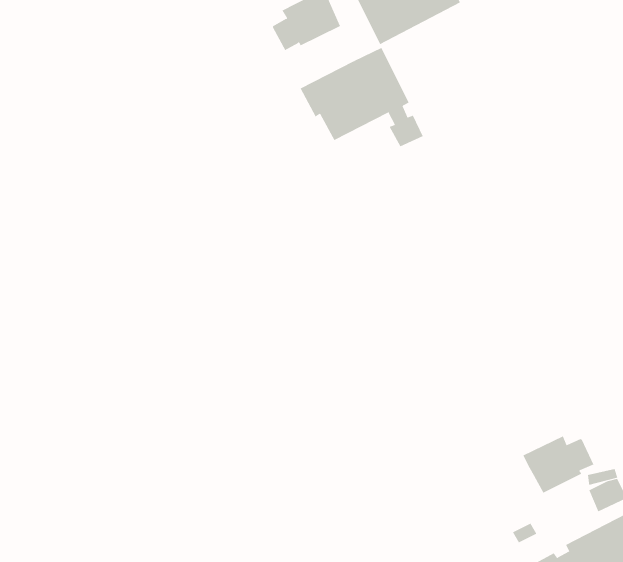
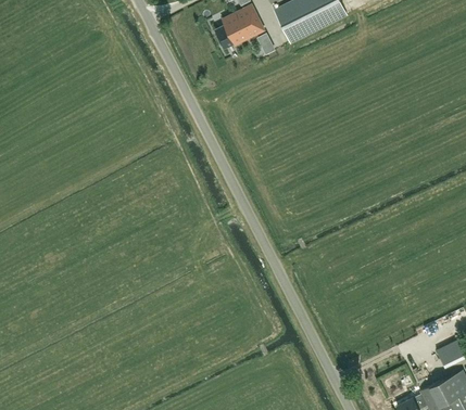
building: [300,47,424,147] -> none
building: [522,435,594,494] -> none

